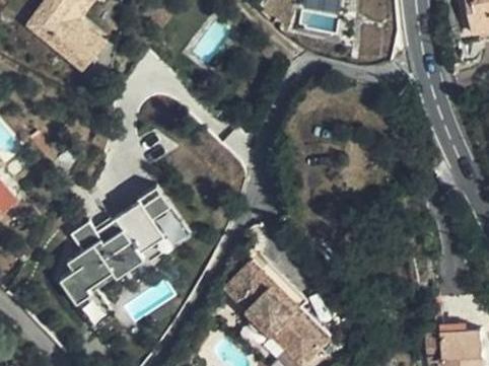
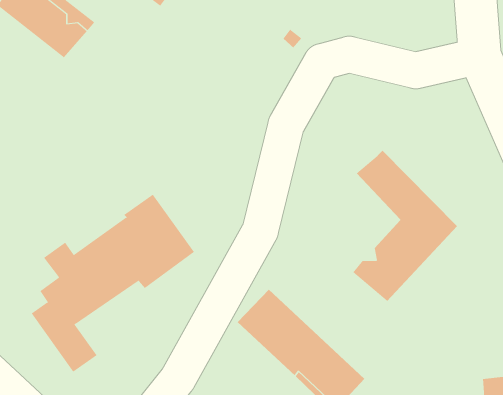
building: none -> [353,150,458,302]

